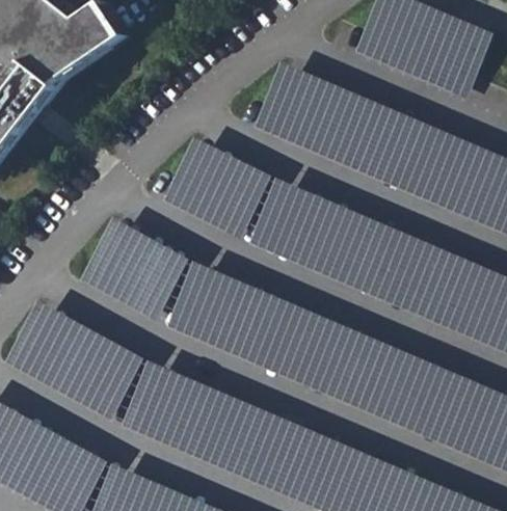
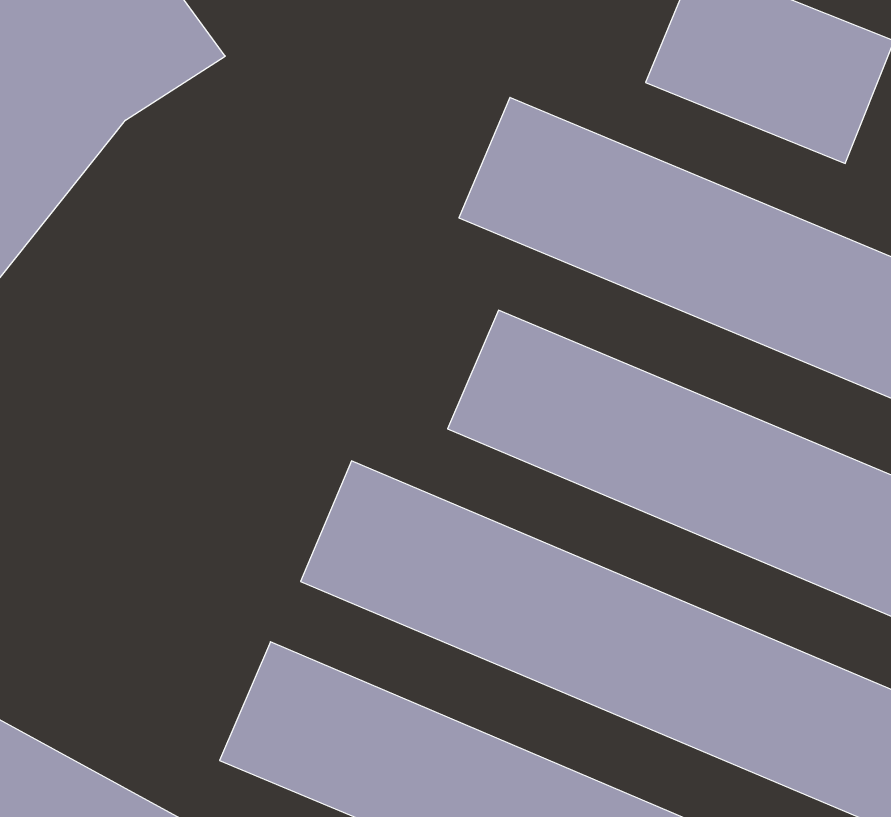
building: [164,137,272,239] -> none
building: [83,219,190,321] -> none
building: [8,304,144,421] -> none

